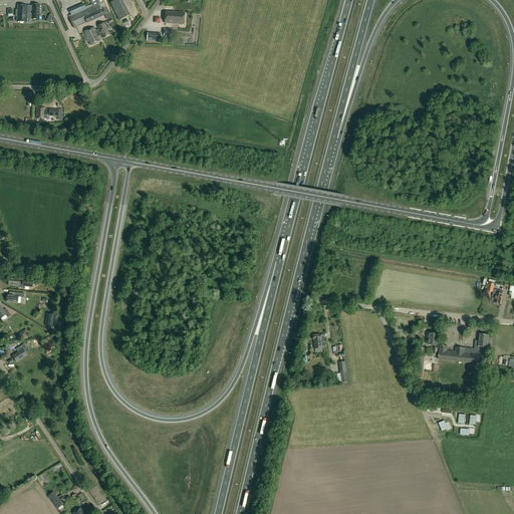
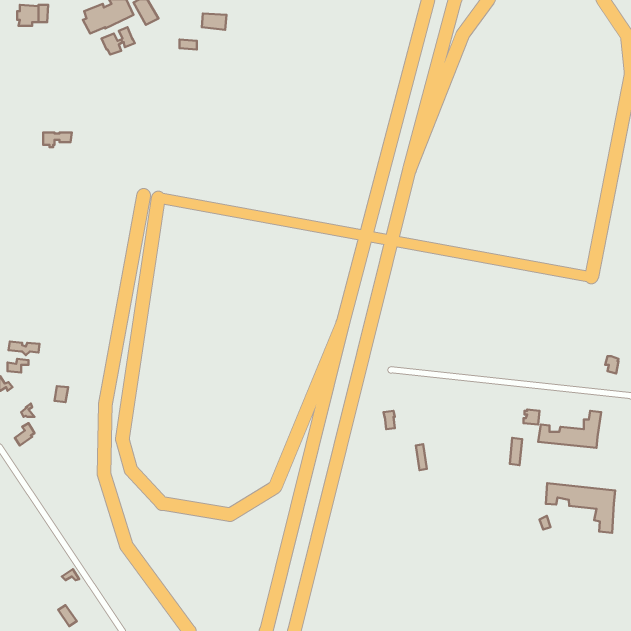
building: none -> [546,483,615,533]

